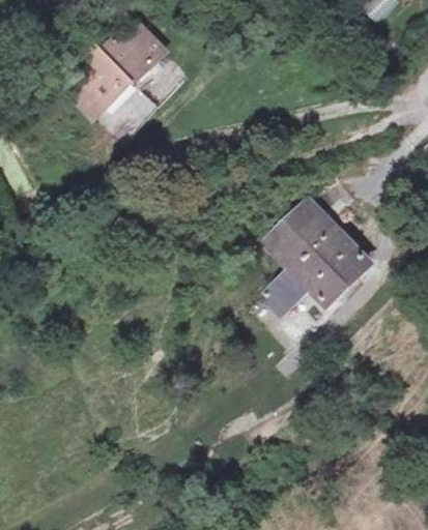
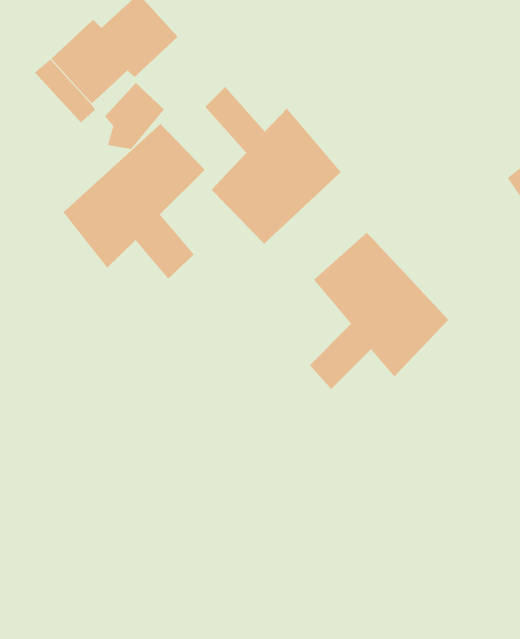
building: none -> [205,86,342,245]
building: none -> [63,123,205,280]

